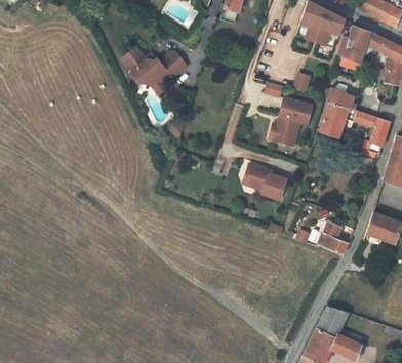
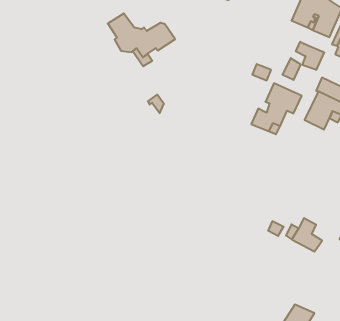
building: none -> [296,42,324,70]
building: [243,163,286,199] -> none

